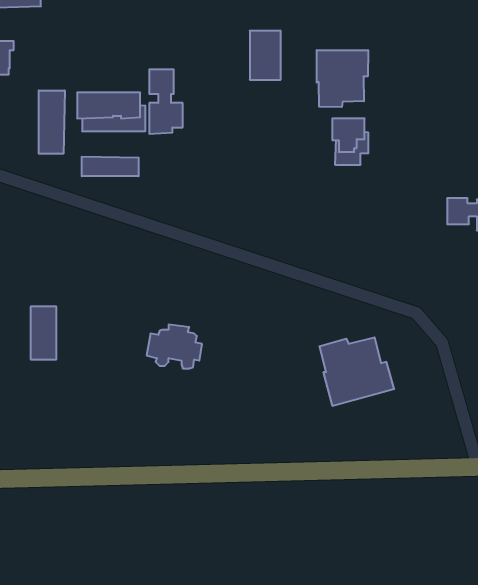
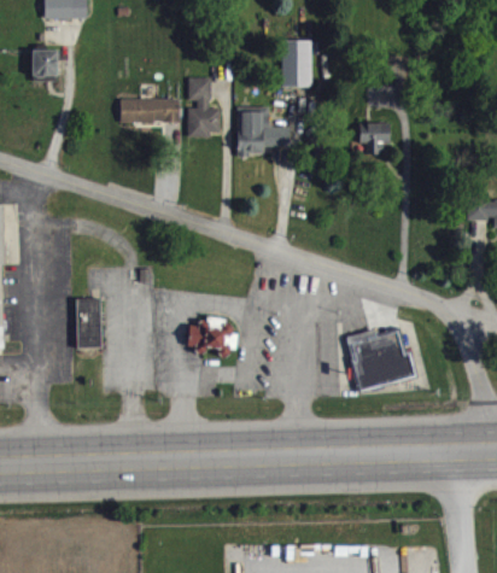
building: [317,50,368,107] -> none
building: [39,90,65,154] -> none
building: none -> [236,106,290,154]
building: [82,157,139,176] -> none

